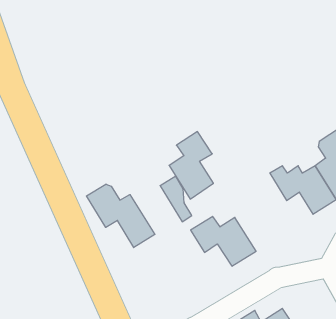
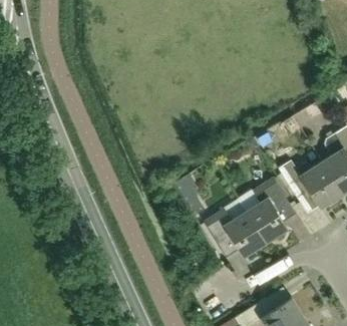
building: [169,132,213,199] -> [247,180,289,244]
building: [86,184,155,248] -> none

